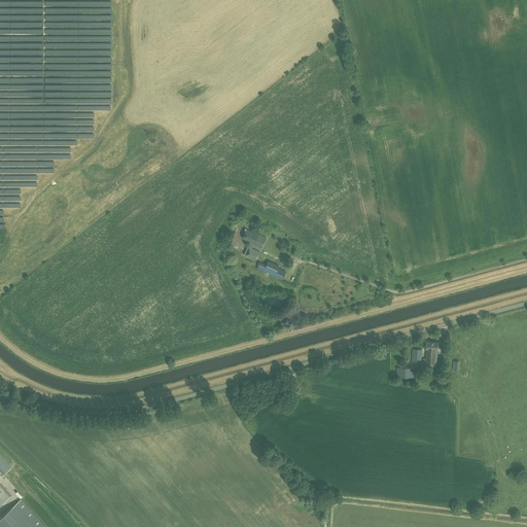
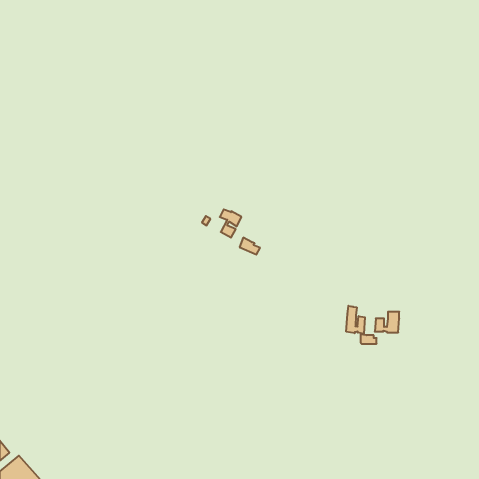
building: none -> [346,306,365,334]

